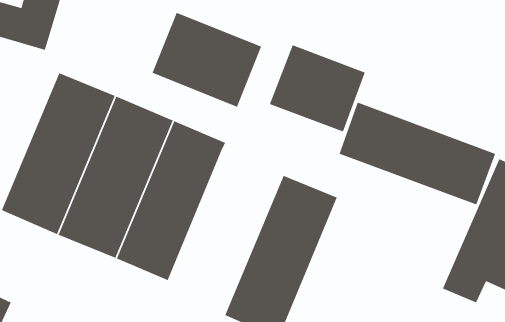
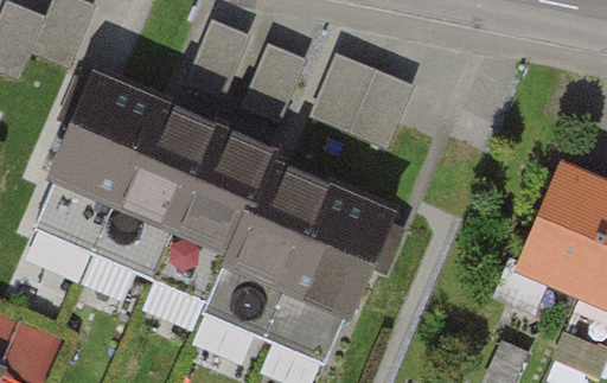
building: [338,102,496,205] -> none
building: none -> [204,161,331,338]

